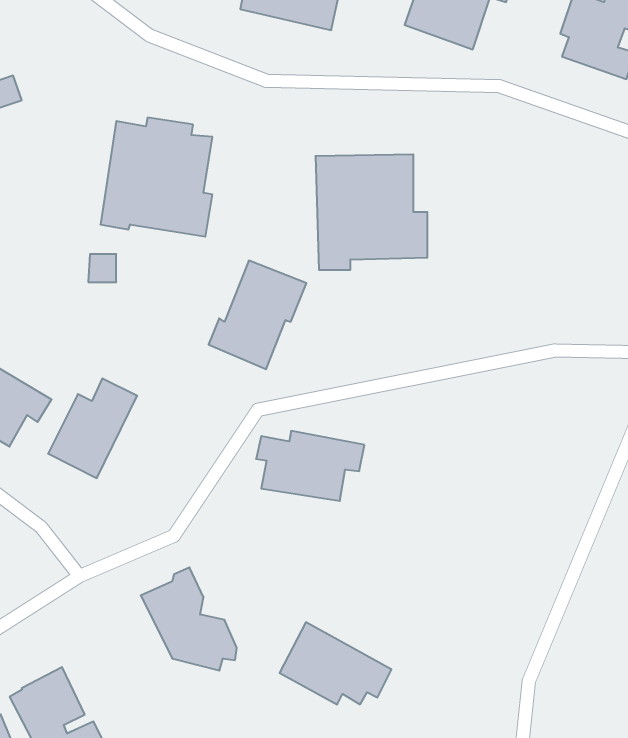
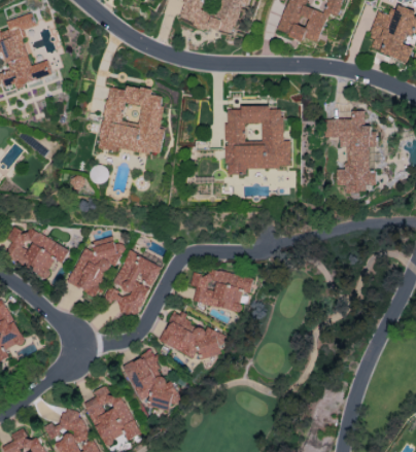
building: none -> [323,110,377,193]
building: [209,261,306,369] -> [103,251,161,315]
building: [280,622,391,704] -> [159,310,224,358]
building: none -> [83,385,139,445]

